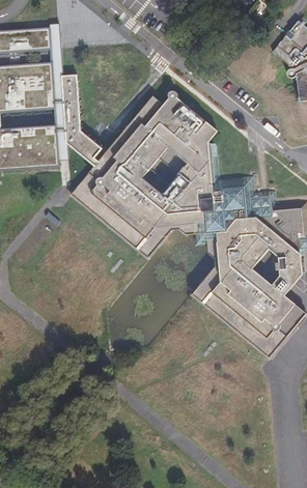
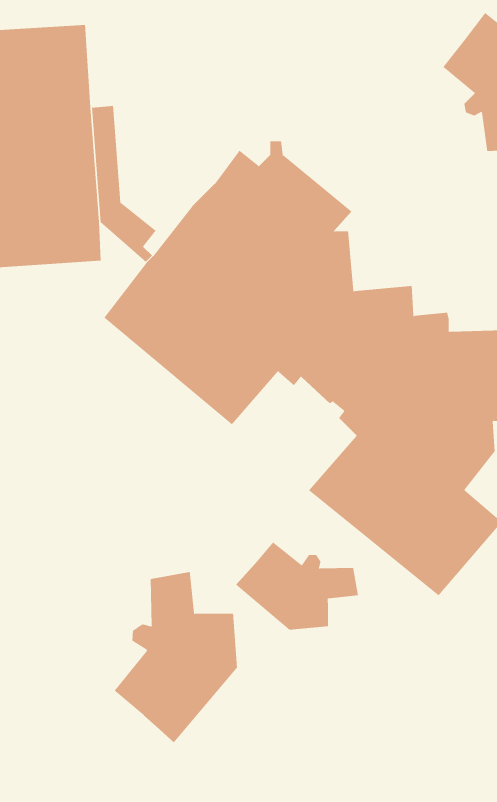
building: none -> [235,541,359,630]
building: none -> [114,571,238,743]

